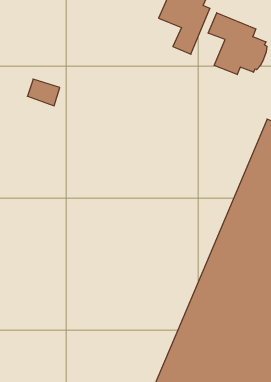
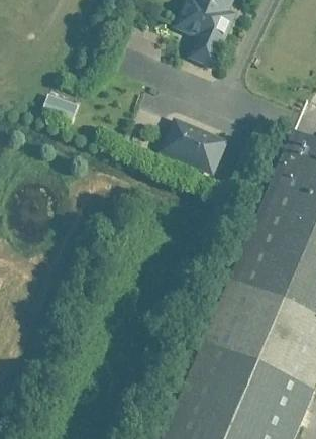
building: [208,13,267,75] -> none
building: none -> [161,122,221,172]

